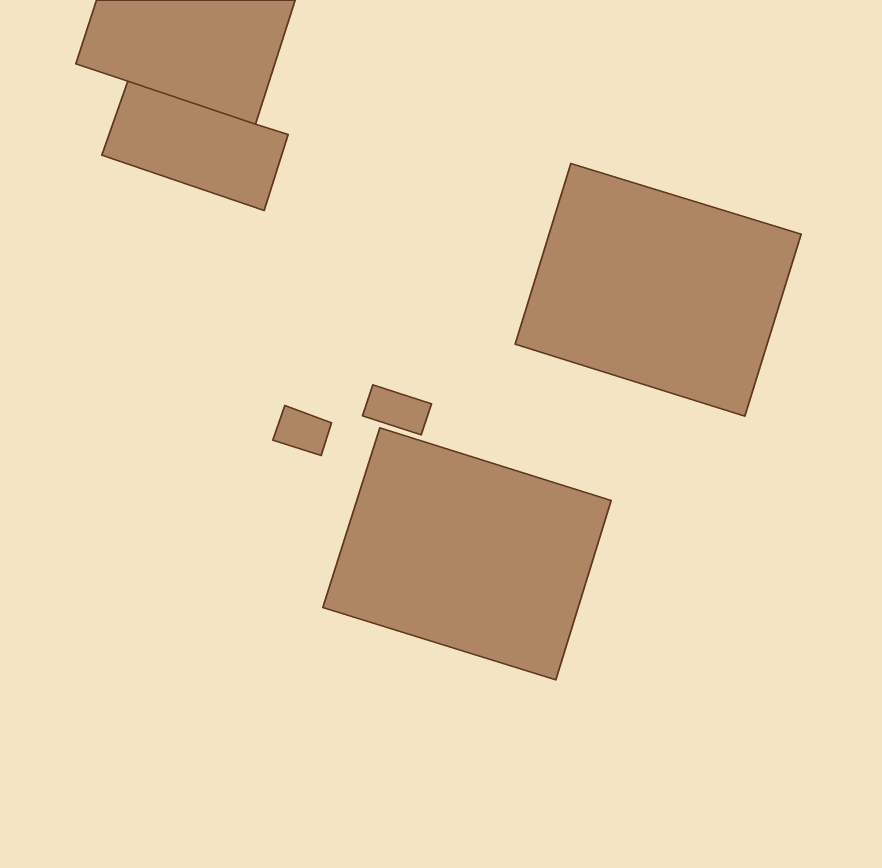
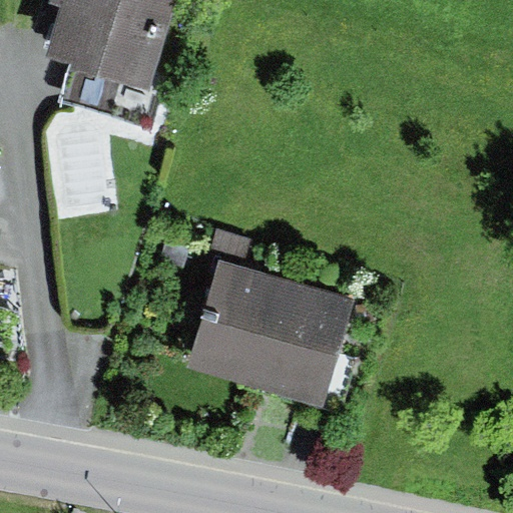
building: [515,163,801,416] -> none

